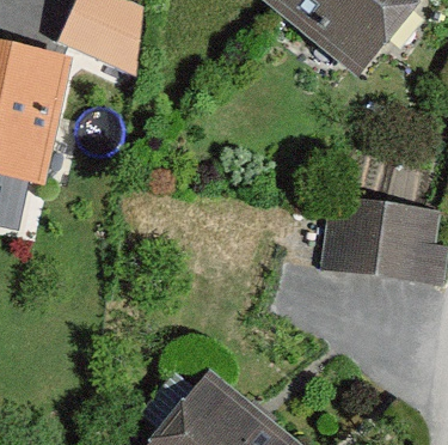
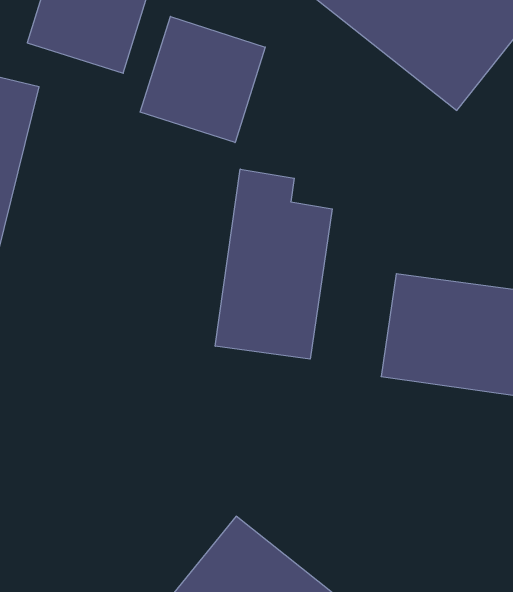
building: none -> [140,16,265,143]
building: none -> [215,169,332,359]

